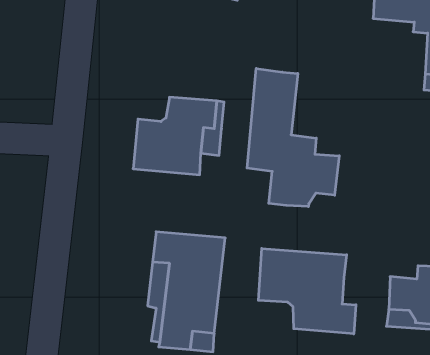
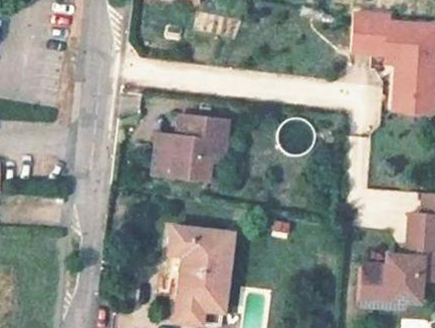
building: [247,68,339,207] -> none
building: [258,248,356,334] -> none

